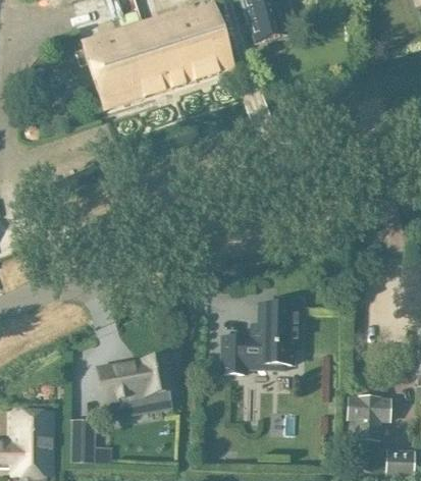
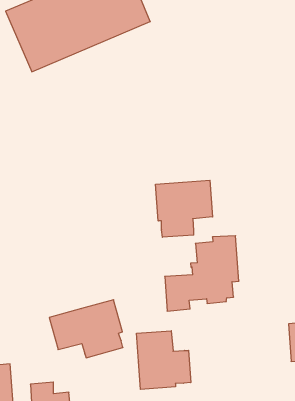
building: none -> [156,180,213,237]
building: none -> [137,331,191,389]

